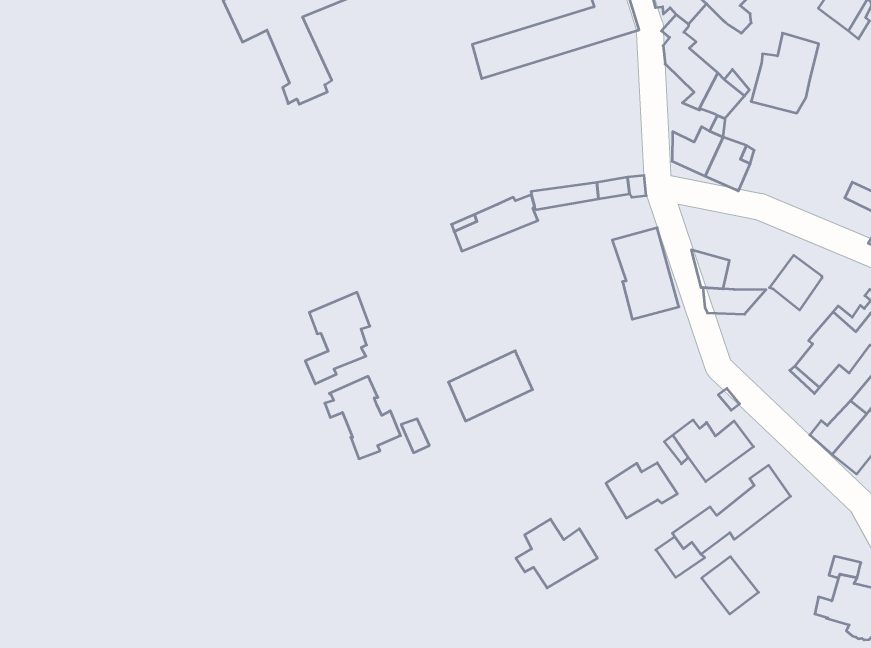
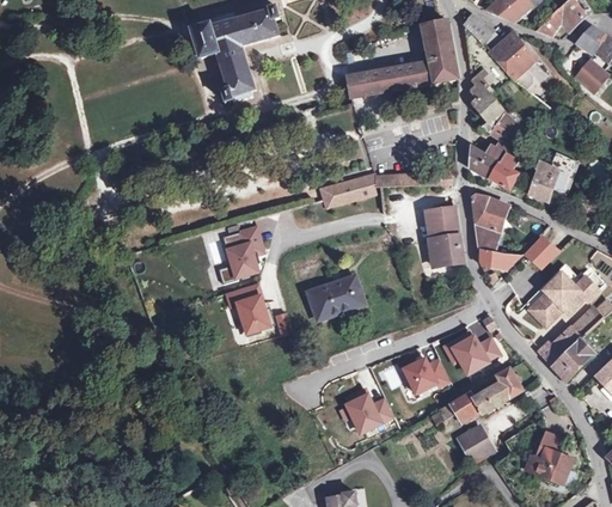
building: [751,33,819,113] -> [527,151,575,203]
building: none -> [471,195,507,233]

